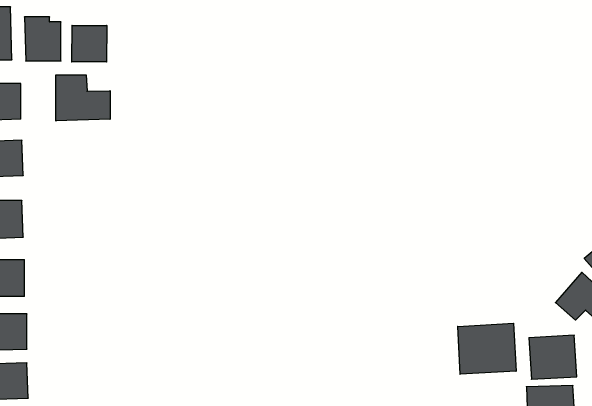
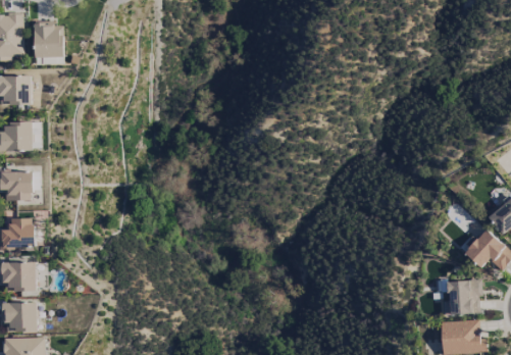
building: [72,25,107,62] -> none
building: [56,75,110,121] -> none
building: [458,323,516,374] -> none

